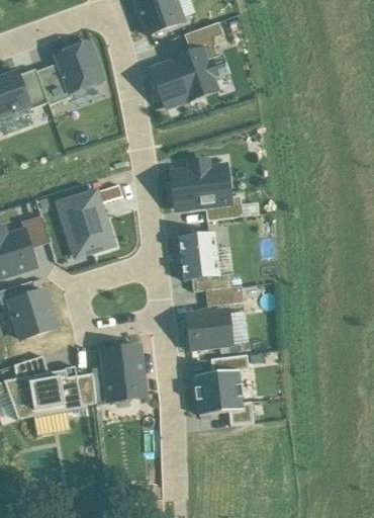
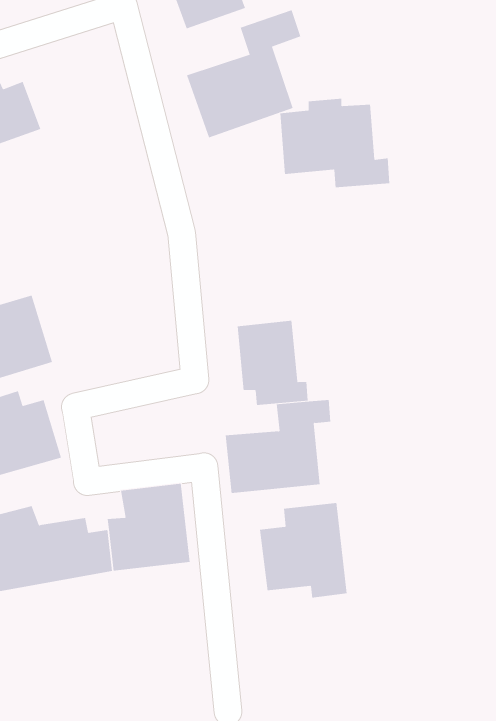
building: [34,44,105,103] -> none
building: [167,159,242,220] -> [280,98,390,188]
building: [56,183,119,258] -> none

